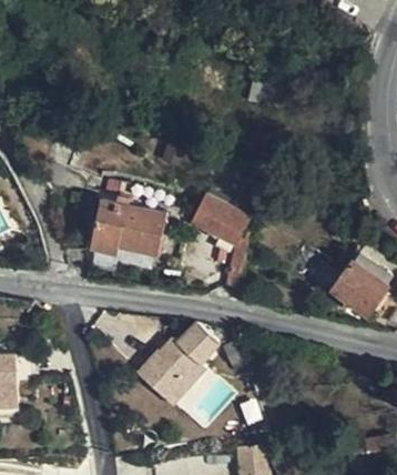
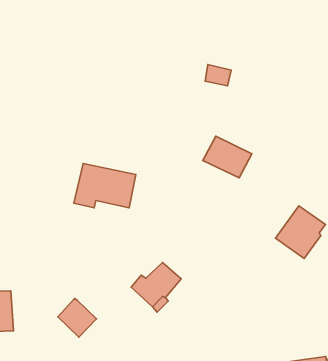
building: [190,196,248,246] -> [203,136,252,178]
building: [135,348,182,395] -> [58,298,97,337]

